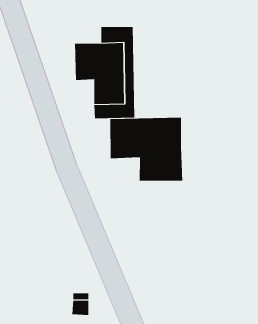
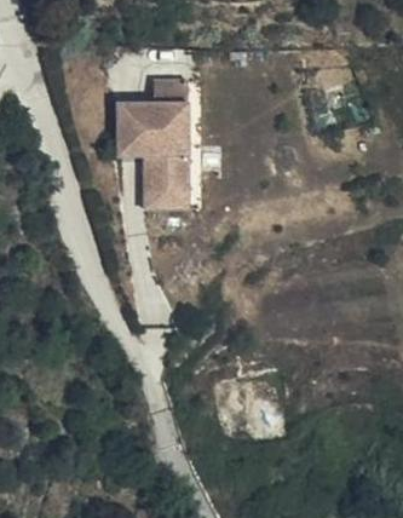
building: [110,117,183,182] -> none

